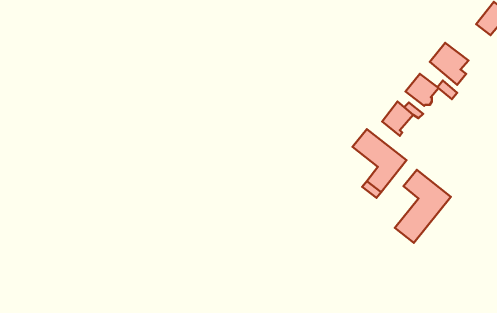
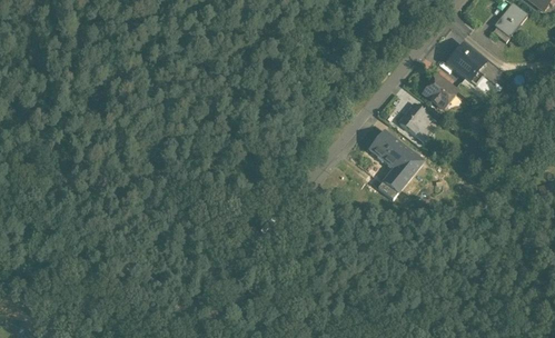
building: [395,170,451,243] -> none

